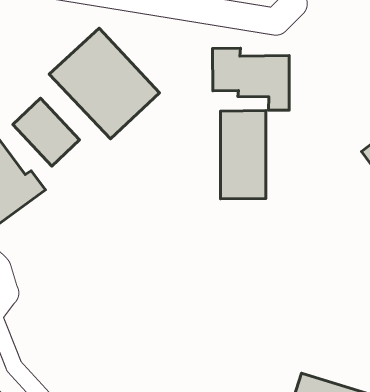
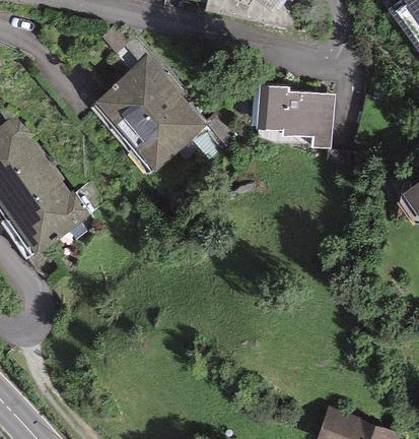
building: [13,98,79,166] -> none
building: [220,111,266,199] -> none

